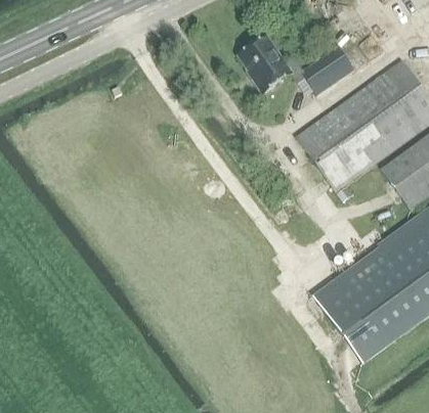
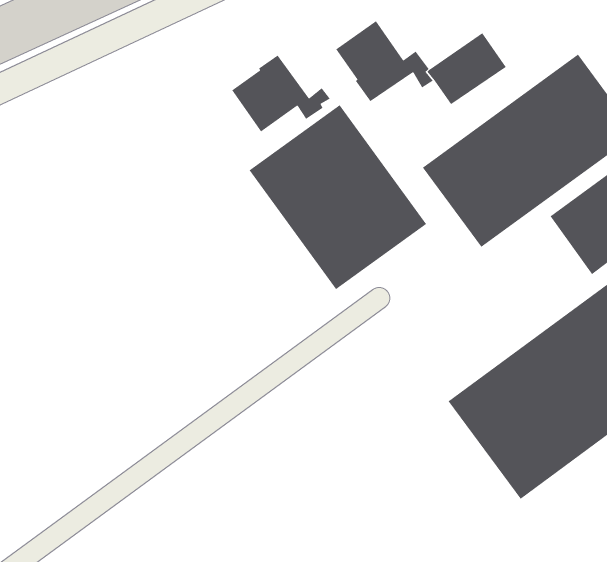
building: none -> [231,55,331,132]
building: none -> [249,104,427,290]

